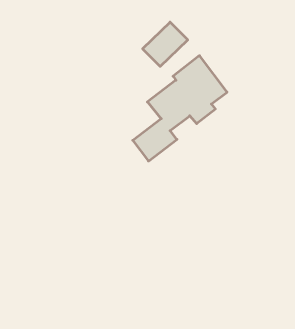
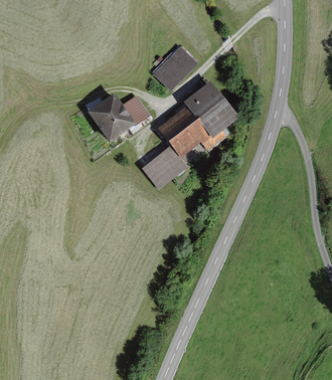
building: none -> [89,93,151,144]

